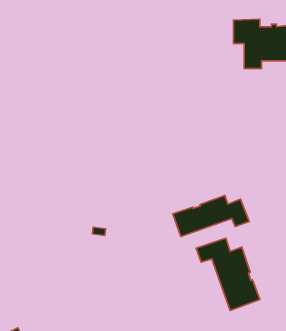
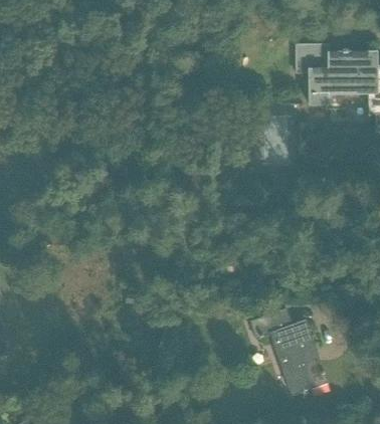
building: [173,195,249,237] -> none

